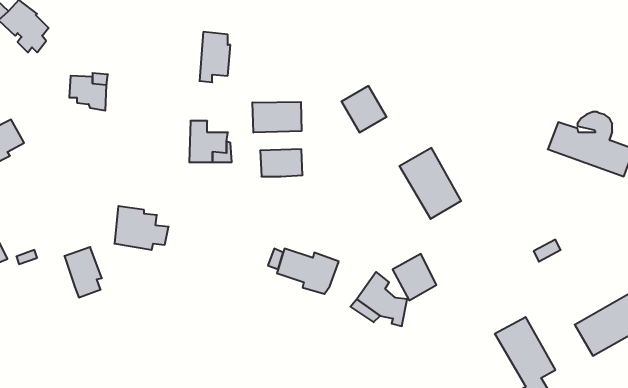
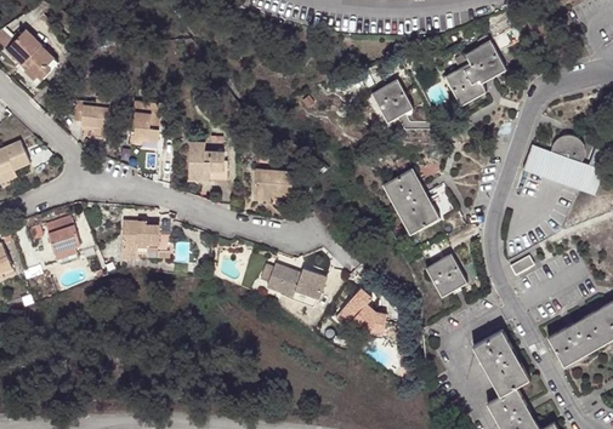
building: none -> [443,41,505,108]
building: [199,32,230,82] -> [129,103,158,150]
building: [341,86,387,132] -> [371,80,414,124]
building: [252,102,301,133] -> none
building: [64,247,102,297] -> [45,216,80,263]
building: [393,254,436,300] -> [426,253,467,297]

